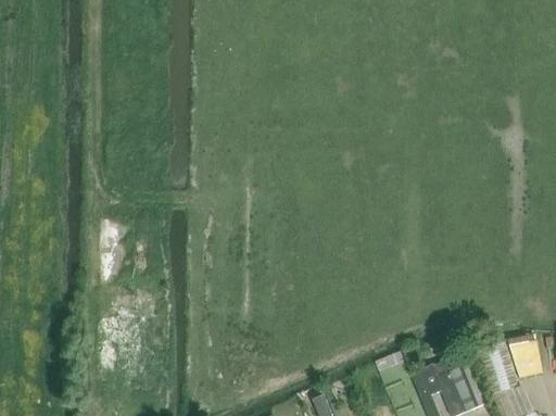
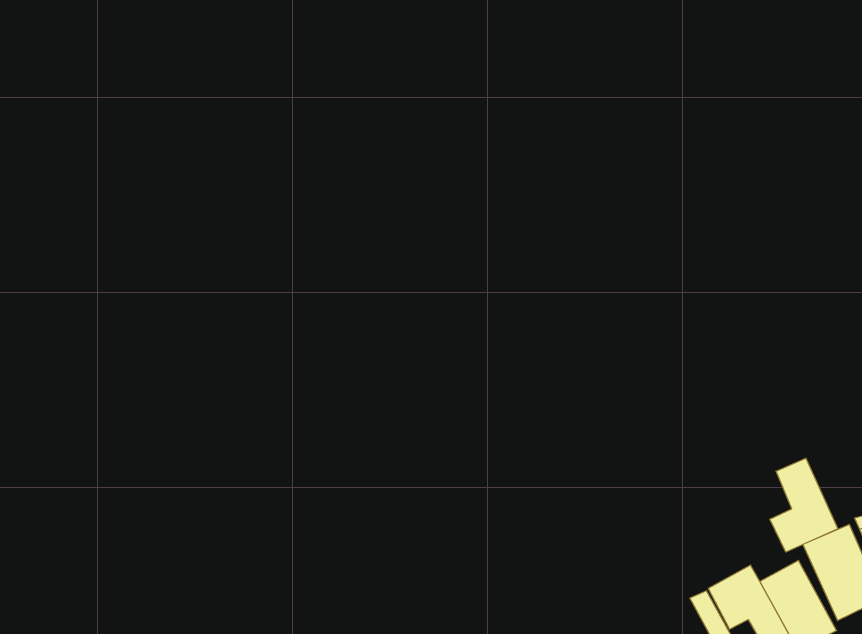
building: none -> [770,458,838,552]

